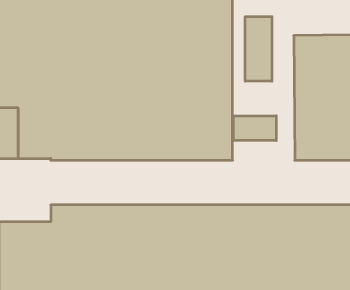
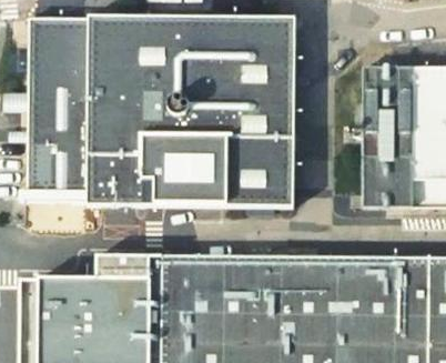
building: [245,17,272,81] -> none
building: [233,116,276,141] -> none

